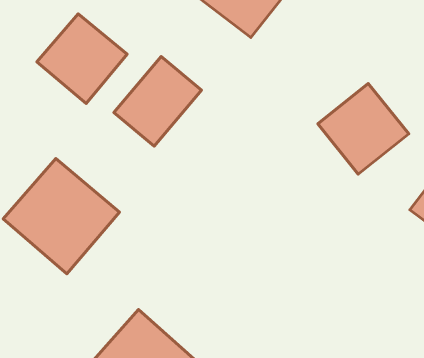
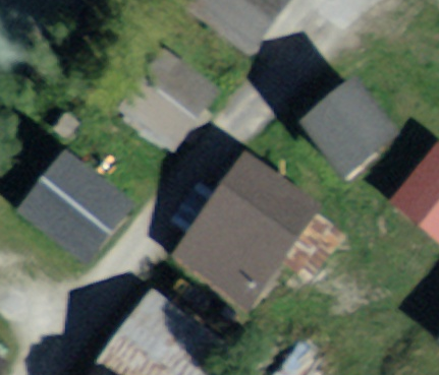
building: [37,14,127,103] -> none
building: none -> [178,162,298,289]

